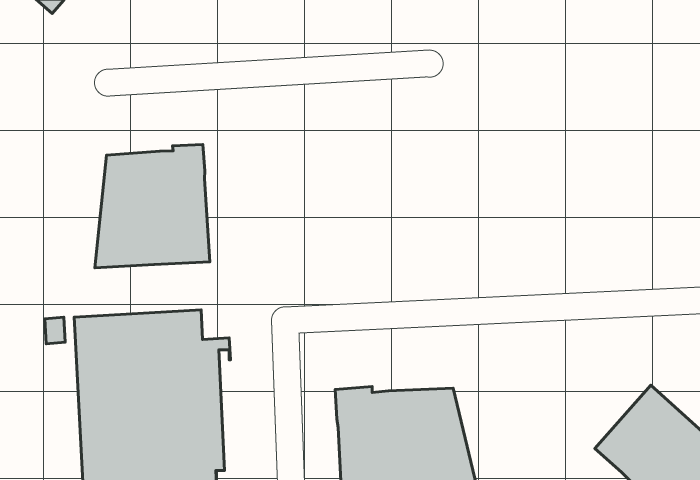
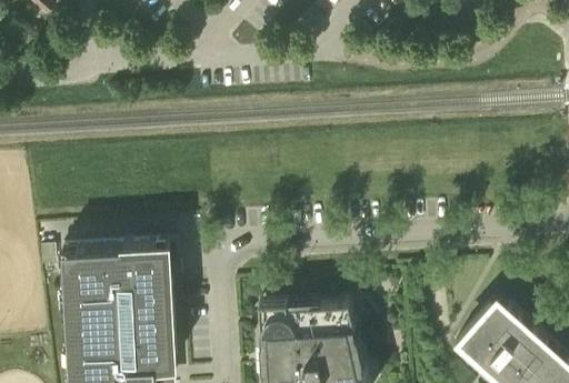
building: [95,145,210,268] -> none

